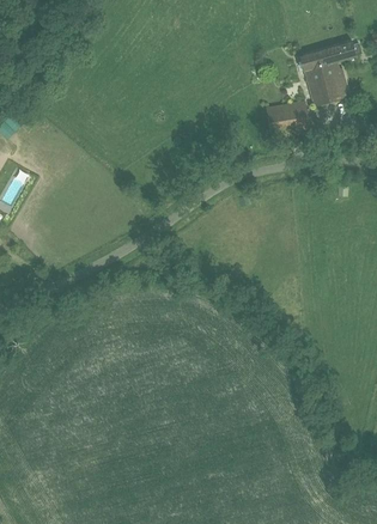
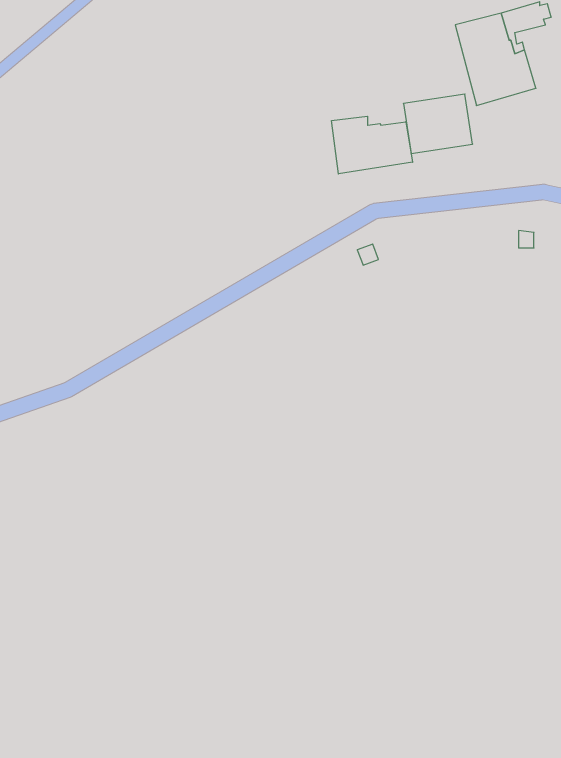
building: none -> [332,116,413,174]

